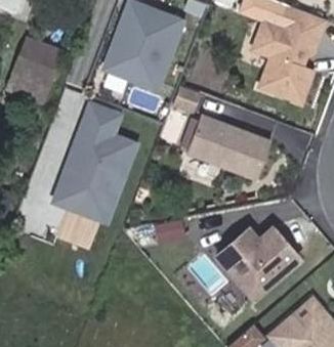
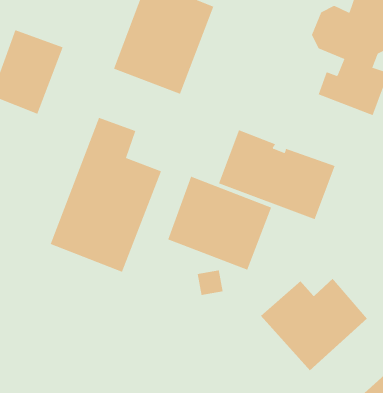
building: none -> [167,176,272,270]

